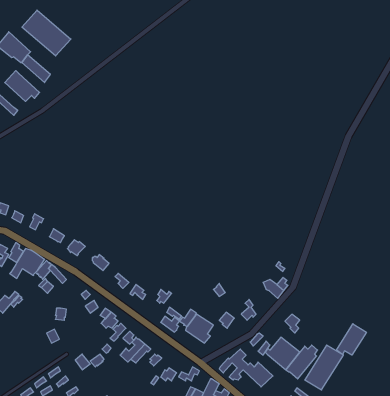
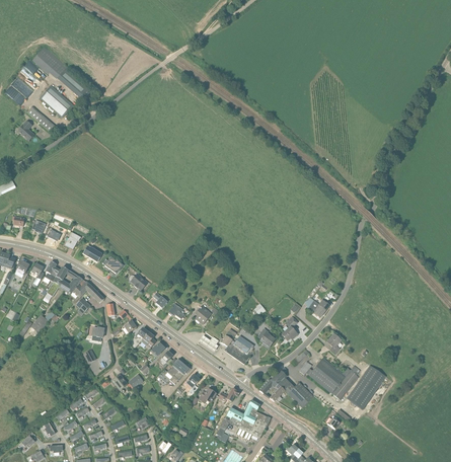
building: [22,10,71,56] -> none
building: [336,324,366,355] -> none

